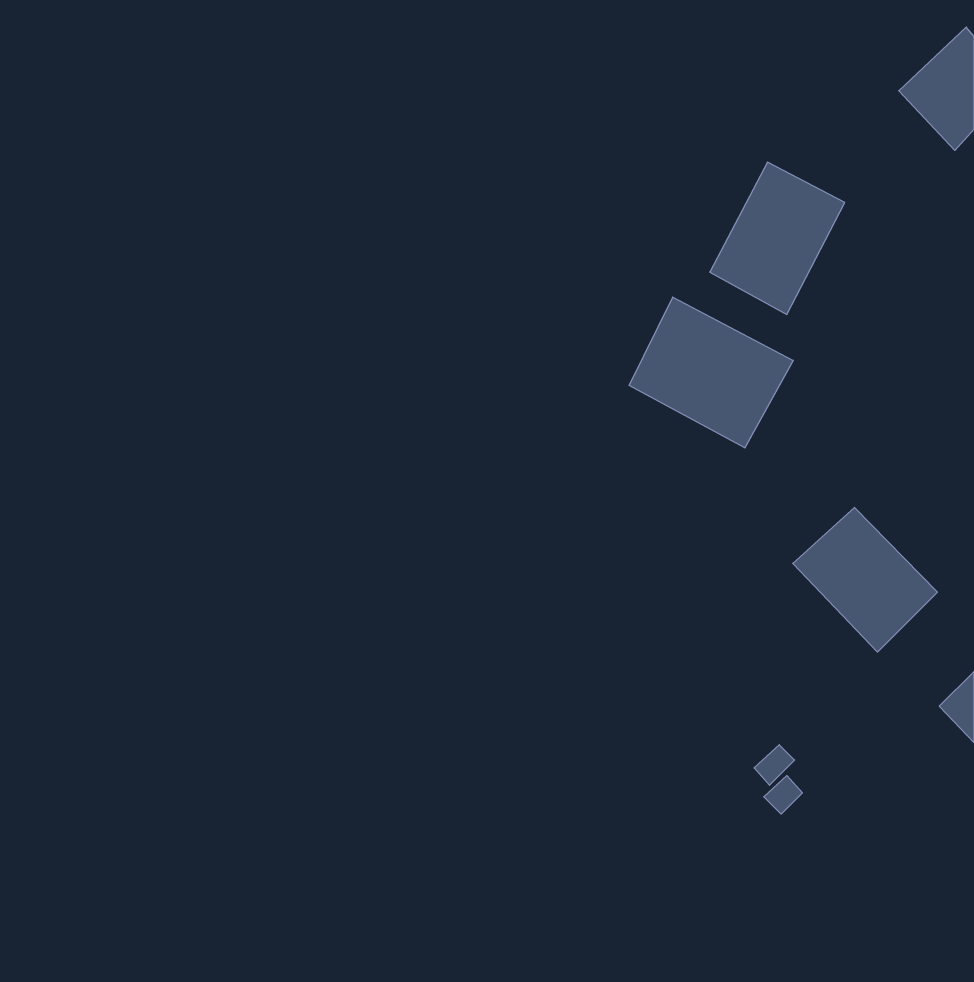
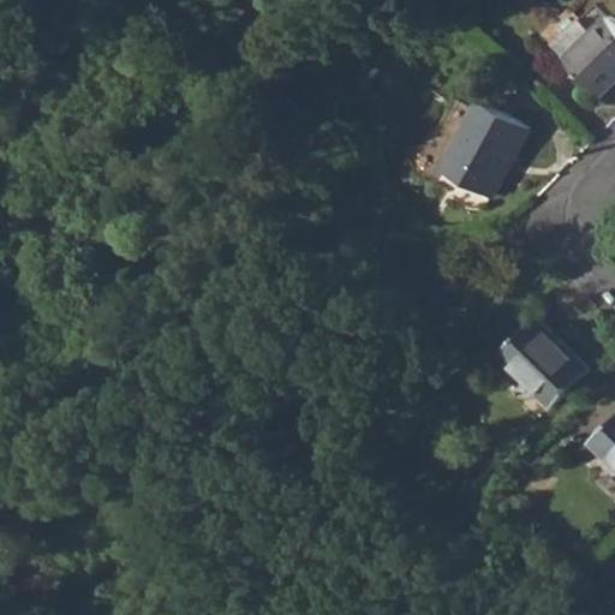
building: [629,297,793,448] -> none

